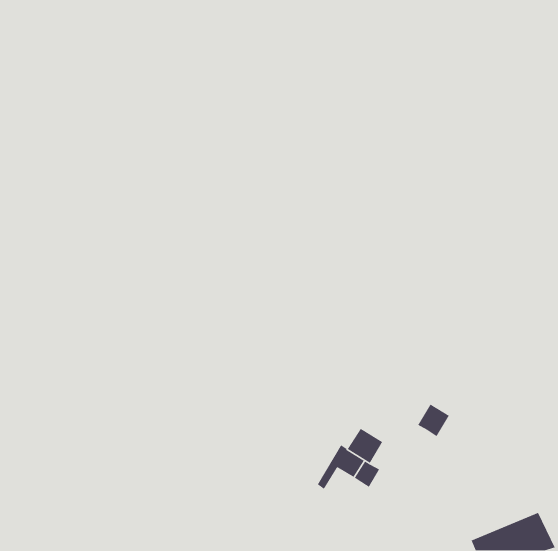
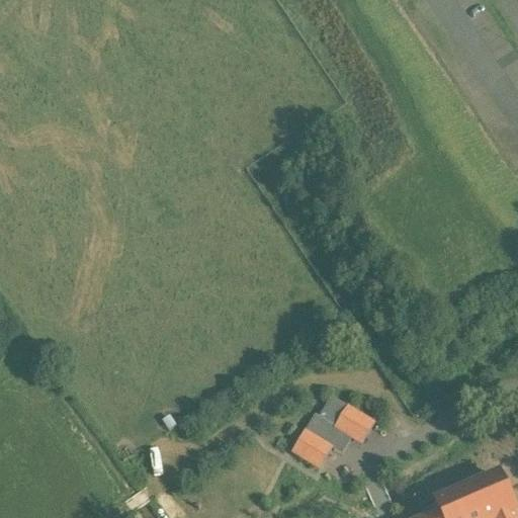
building: [417,403,450,437] -> [343,410,373,441]
building: none -> [300,434,331,465]

